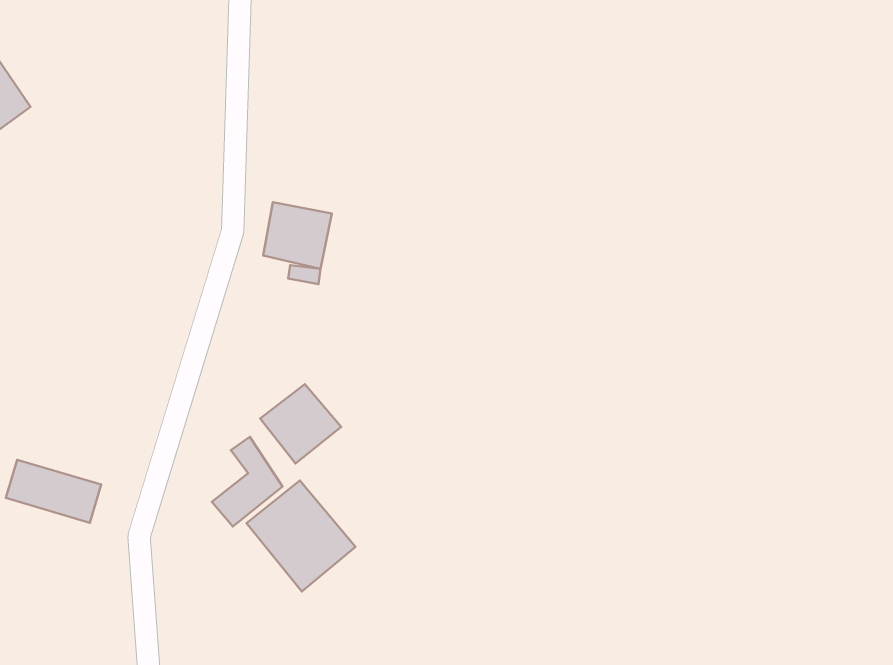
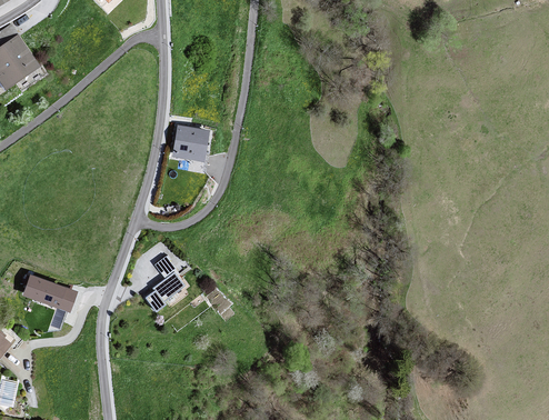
building: [260,384,341,463] -> none
building: [246,480,355,592] -> none

